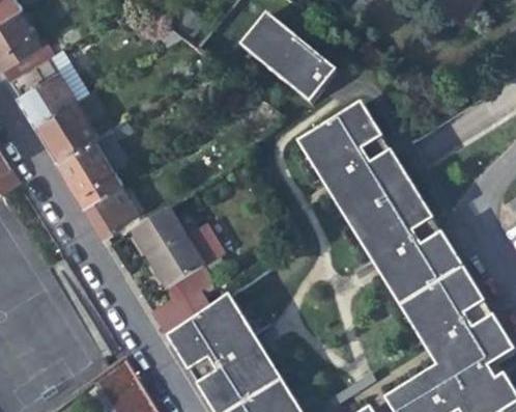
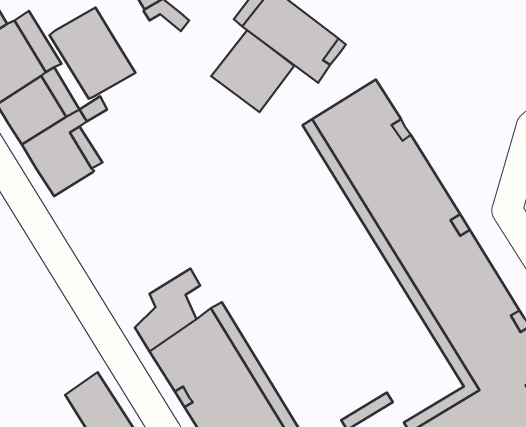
building: none -> [49,7,136,99]
building: none -> [211,30,294,112]
building: [86,184,137,235] -> none
building: [131,210,221,289] -> none

